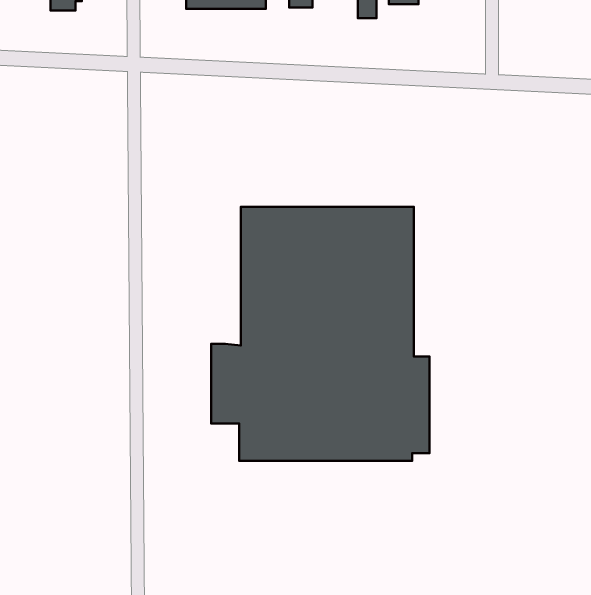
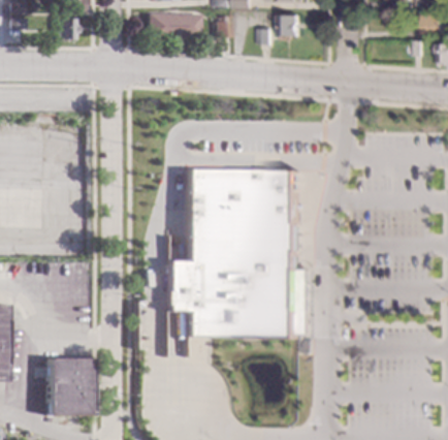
building: none -> [44,357,88,414]

